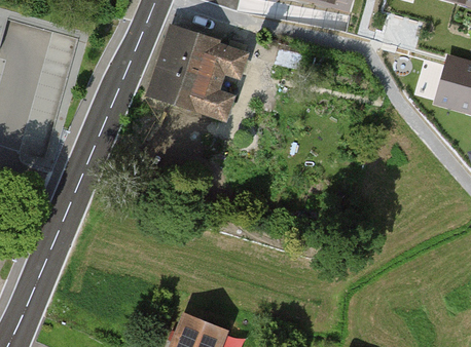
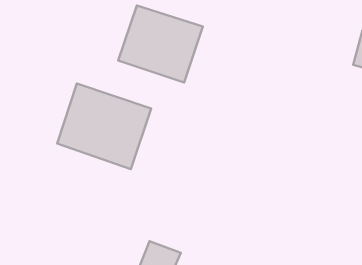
building: none -> [57,84,151,169]

